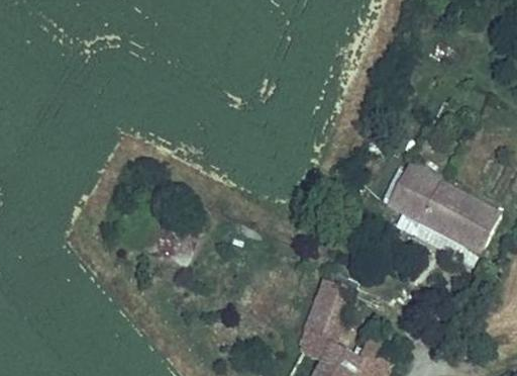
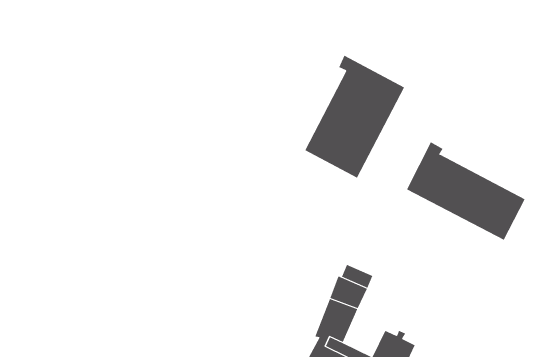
building: none -> [304,55,405,178]

